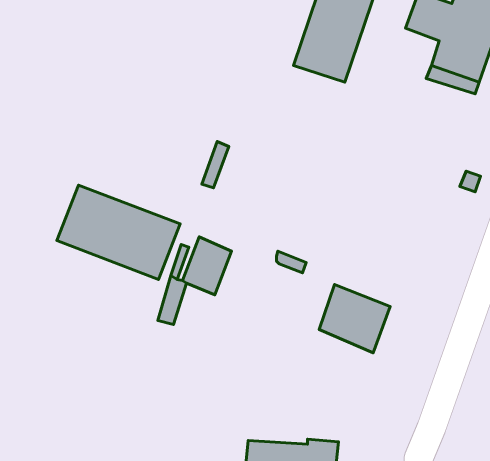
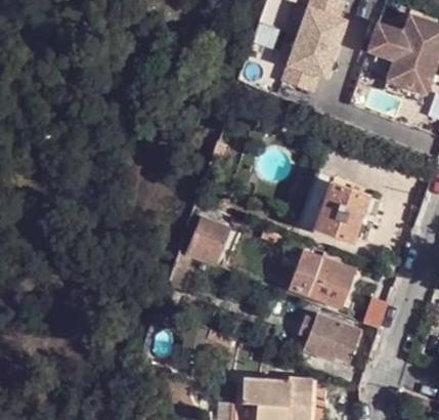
building: none -> [302,171,370,241]
building: [57,185,180,279] -> none
building: none -> [304,314,362,364]

